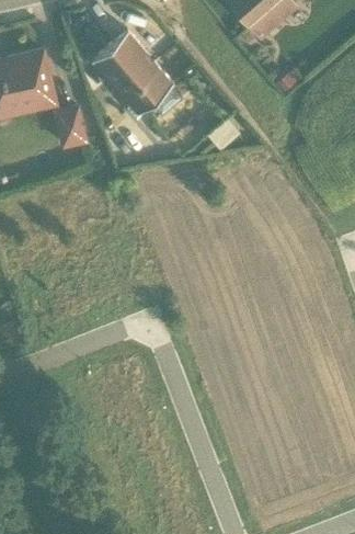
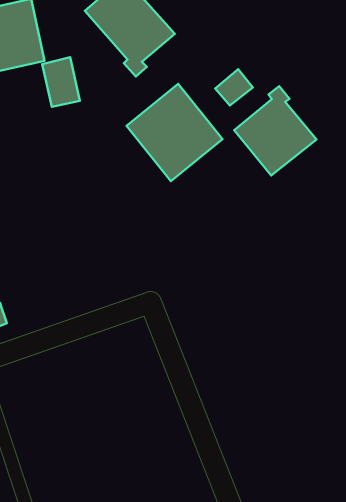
building: none -> [126,84,223,181]
building: none -> [234,86,316,176]

